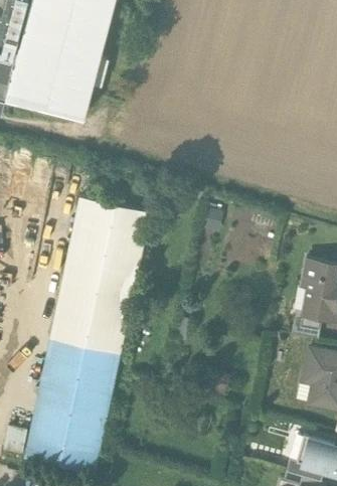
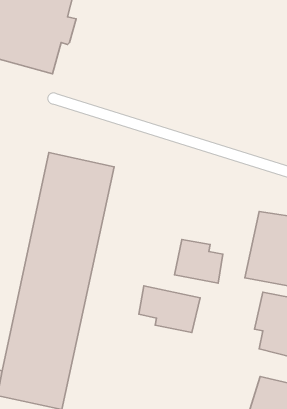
building: none -> [175,239,223,283]
building: none -> [139,286,200,333]

